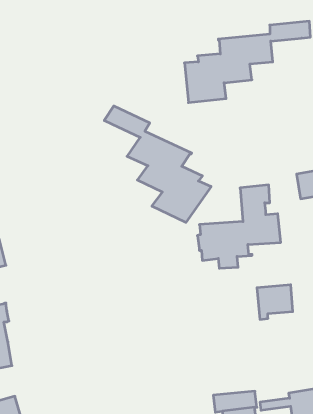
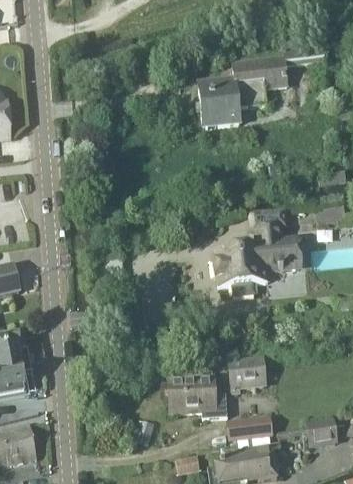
building: [104,106,211,222] -> none
building: [257,285,293,319] -> [230,356,266,391]
building: none -> [170,375,228,417]

